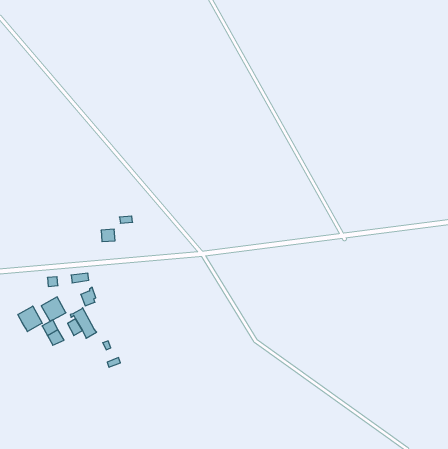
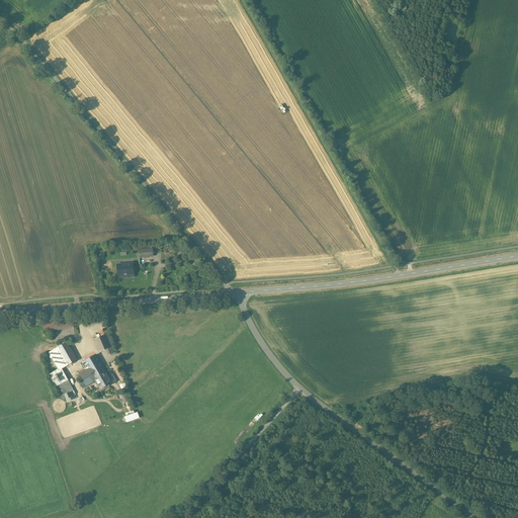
building: [18,306,42,332] -> none

